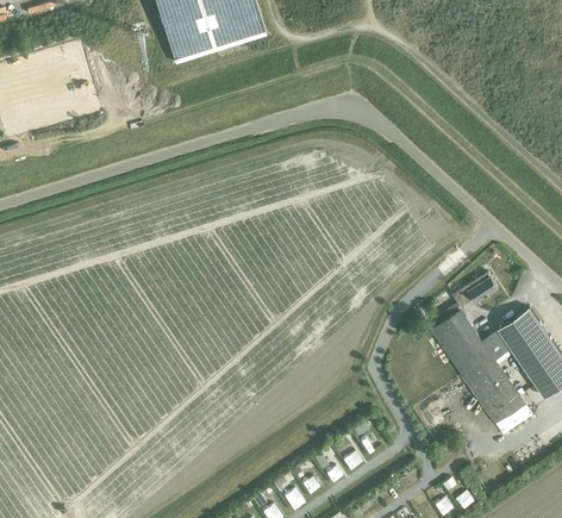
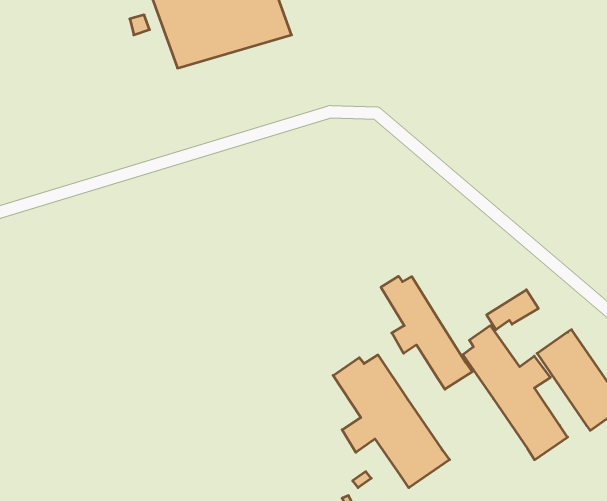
building: none -> [381,276,472,389]
building: none -> [333,355,450,488]

